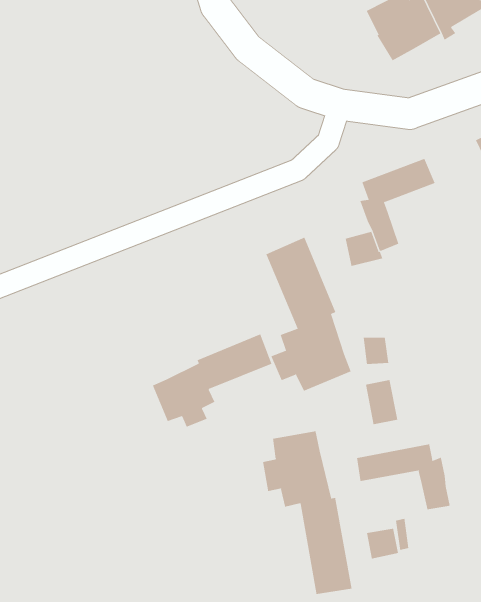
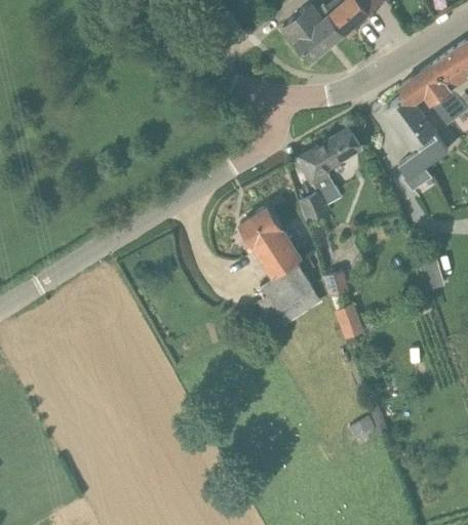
building: [152,333,272,428] -> none
building: [262,430,352,595] -> none
building: [357,444,450,510] -> none

